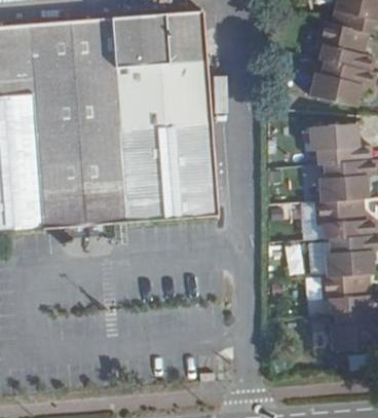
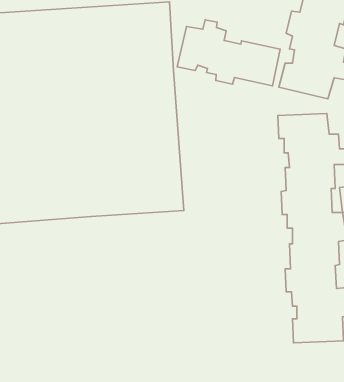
building: none -> [177,20,280,86]

